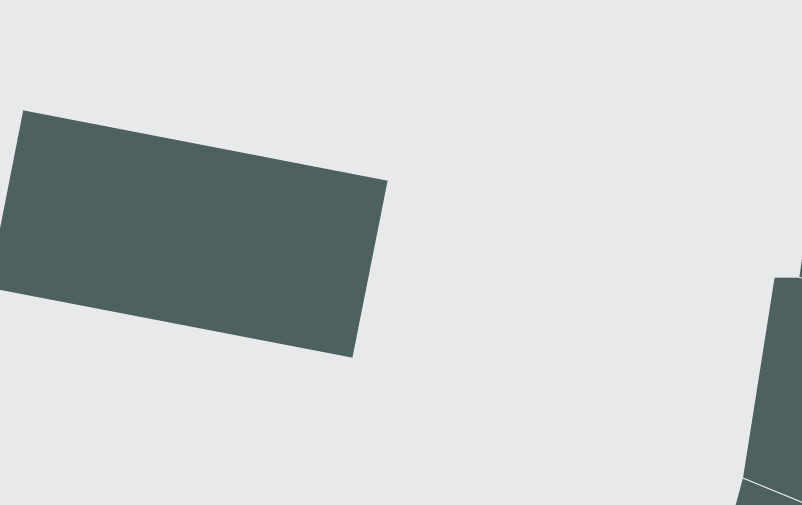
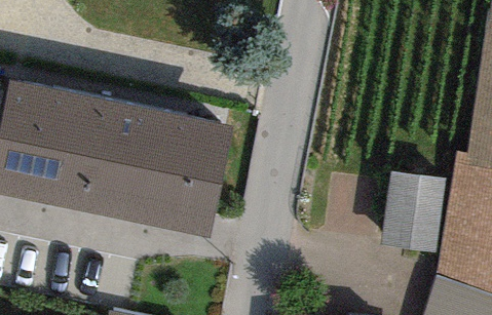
building: none -> [378,183,442,262]

